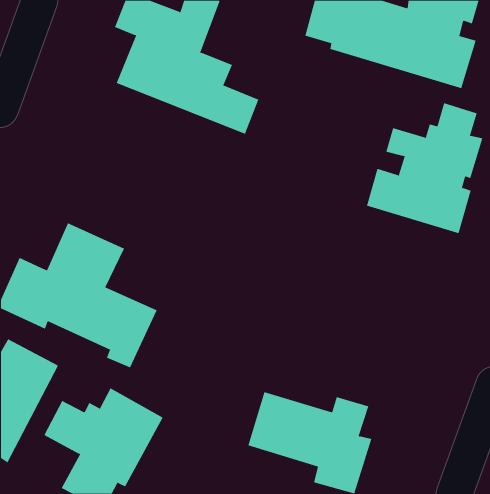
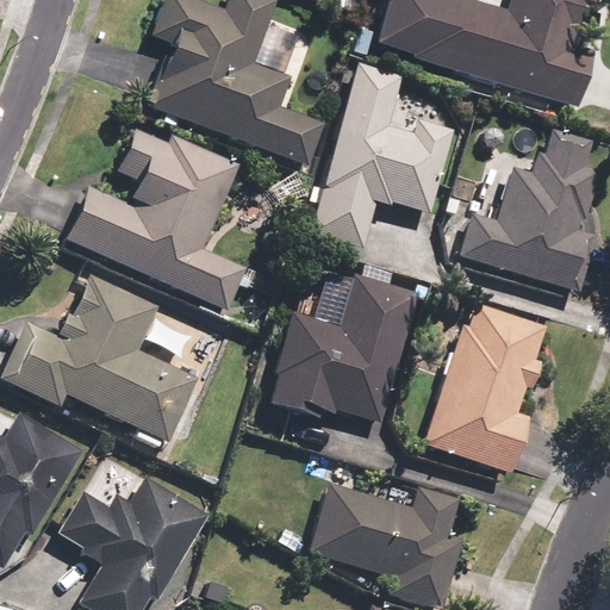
building: none -> [305,60,454,249]
building: none -> [66,122,245,310]
building: none -> [262,273,422,421]
building: none -> [427,305,544,472]

